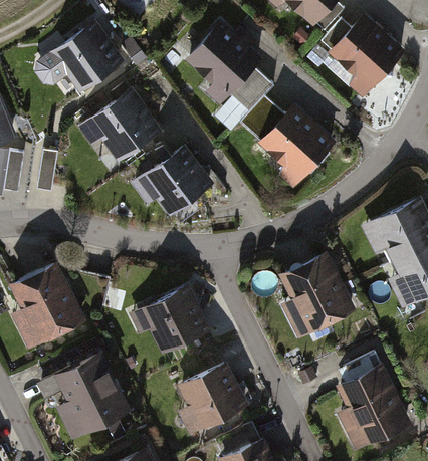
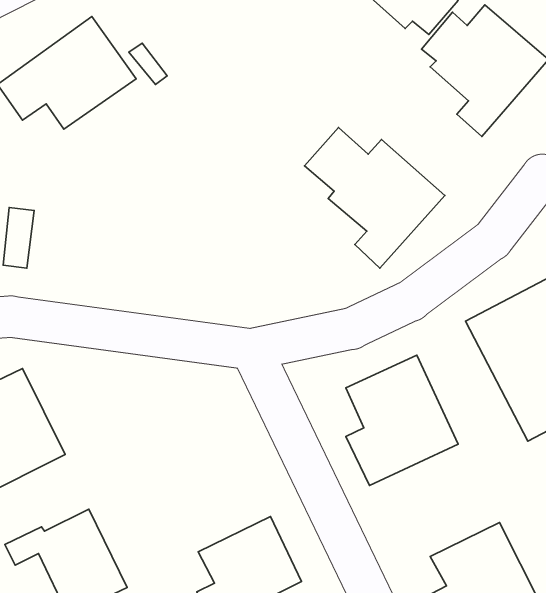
building: [191,20,280,134] -> none
building: [79,87,169,164] -> none
building: [134,146,219,219] -> none
building: [125,283,209,355] -> none

